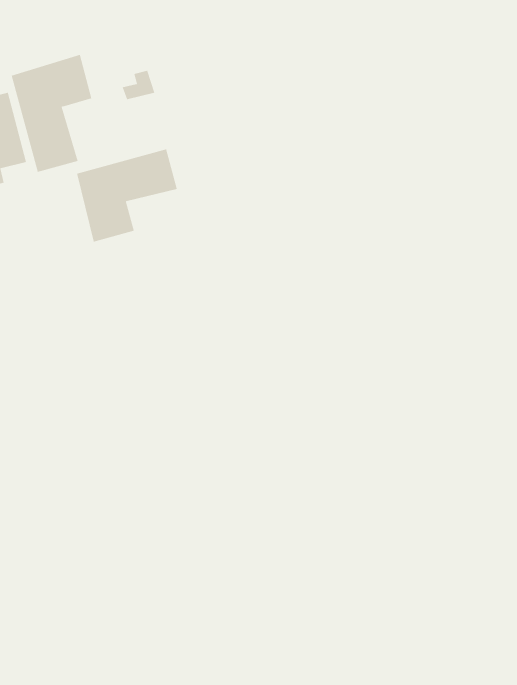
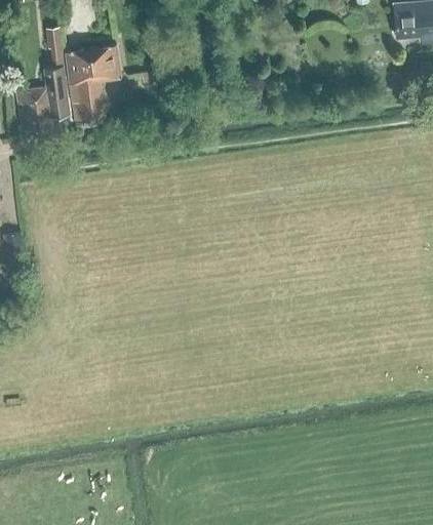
building: [77,149,177,243] -> none

